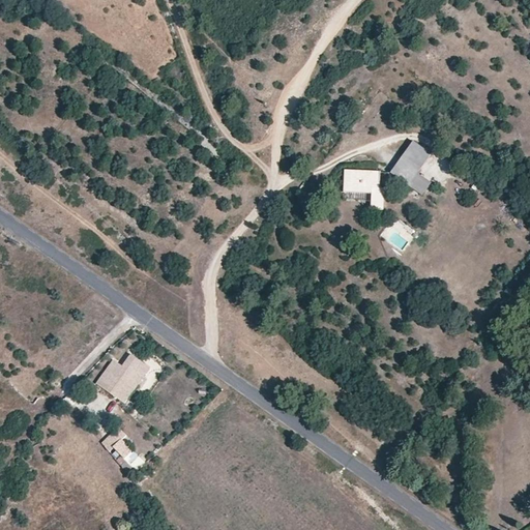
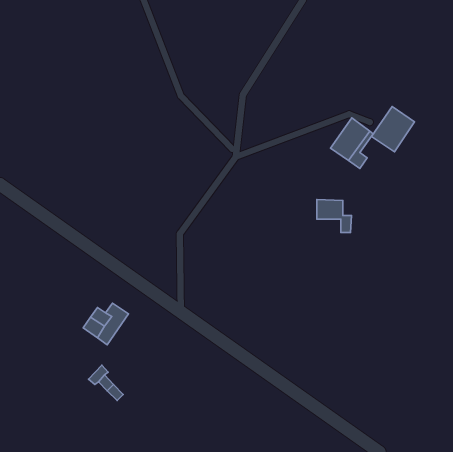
building: none -> [371,106,414,152]
building: [344,169,384,207] -> [317,200,352,232]

